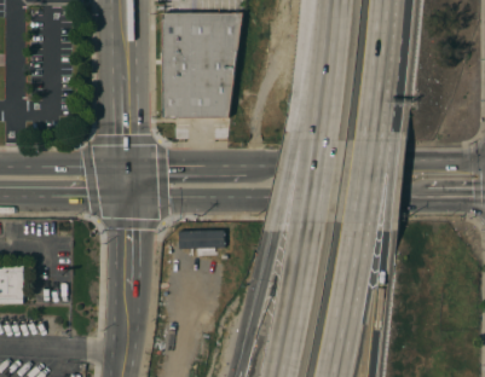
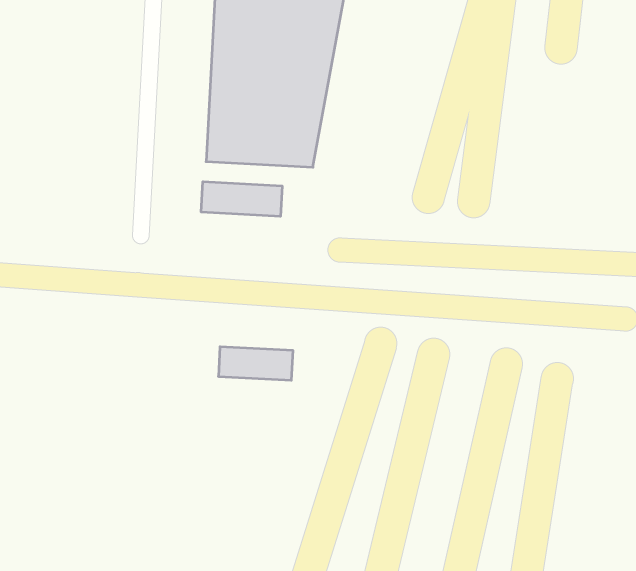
building: none -> [201,182,282,216]

